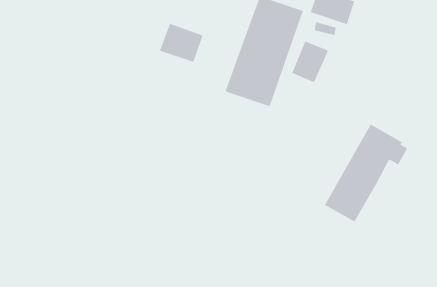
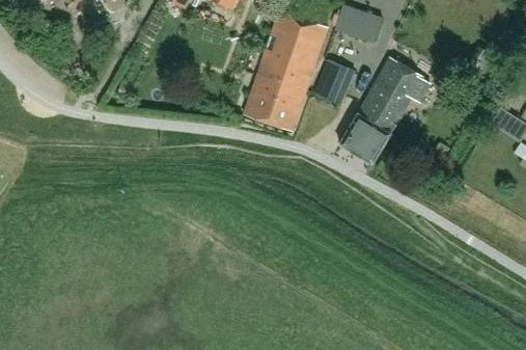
building: [159,23,204,63] -> none
building: [324,124,408,222] -> [339,57,430,163]

